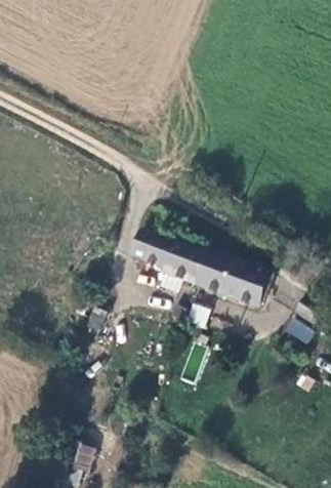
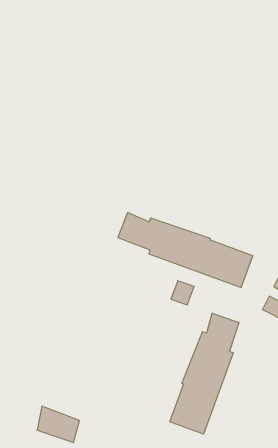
building: none -> [170,313,239,434]

